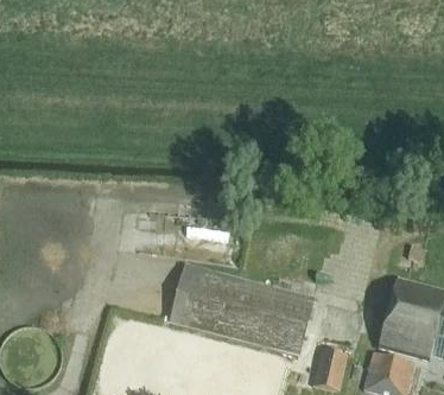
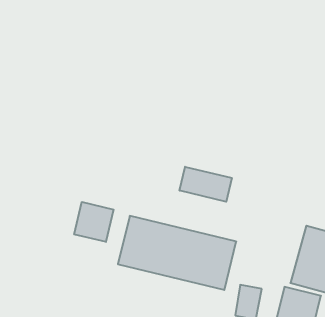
building: none -> [180,167,232,202]
building: none -> [74,202,114,242]

